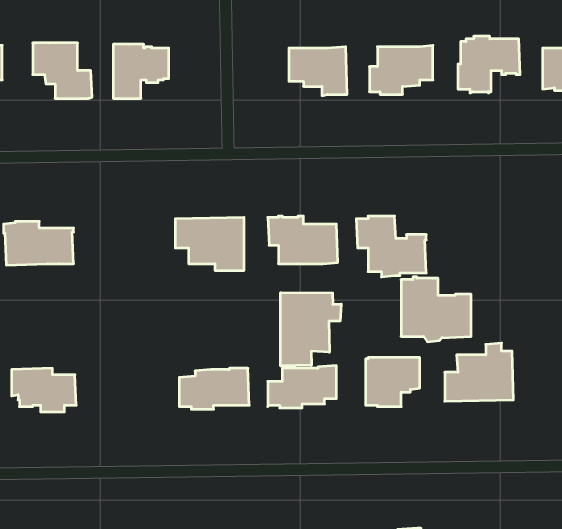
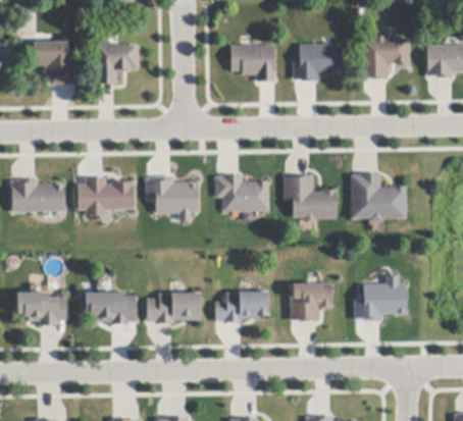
building: none -> [79,176,135,215]
building: [401,277,471,342] -> [352,172,406,222]
building: [281,293,341,366] -> none
building: none -> [86,292,137,324]

